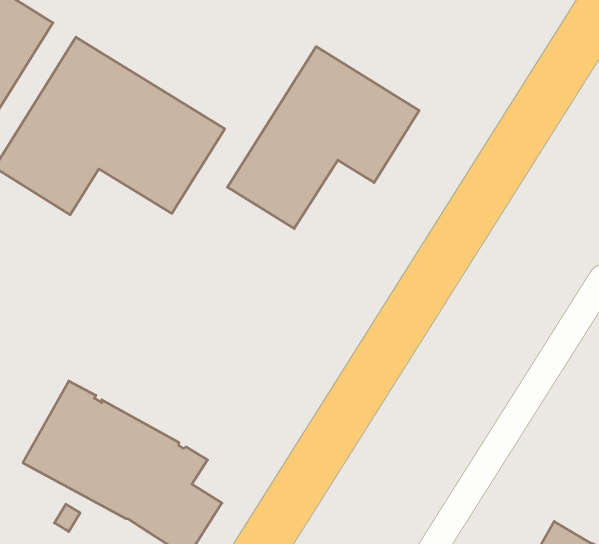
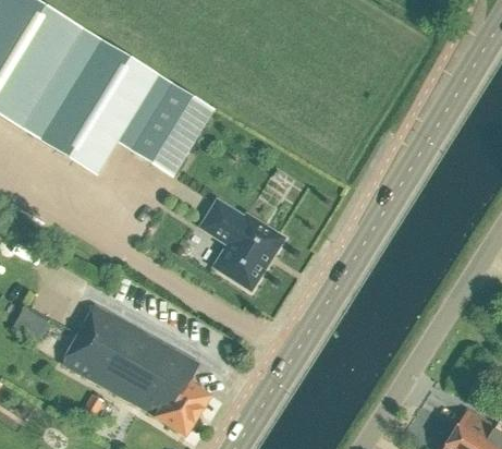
building: [227,47,419,229] -> none
building: none -> [201,199,283,289]

